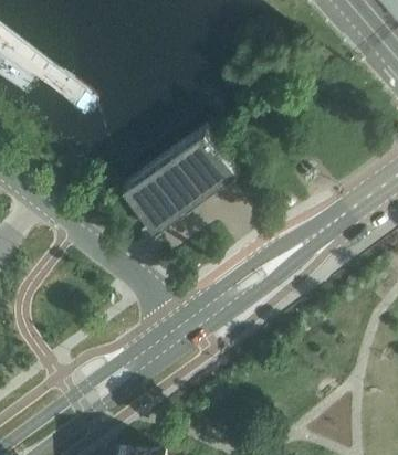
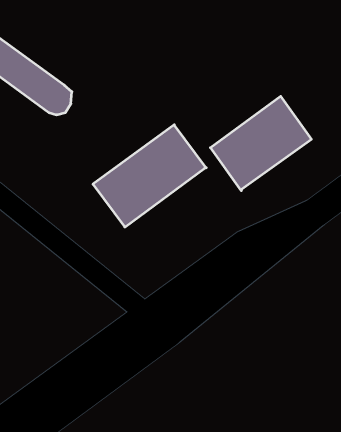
building: none -> [210,96,311,191]

